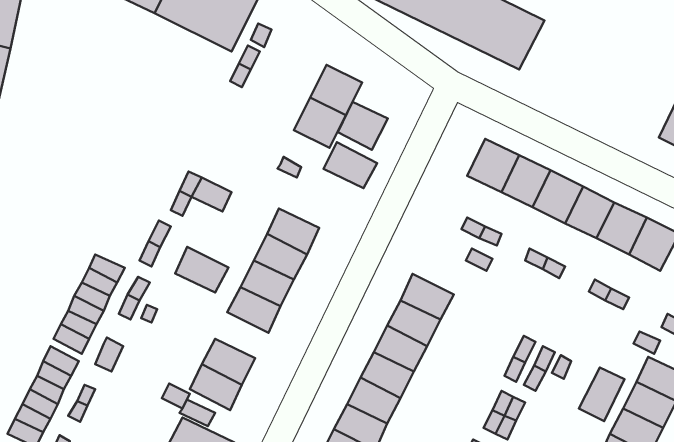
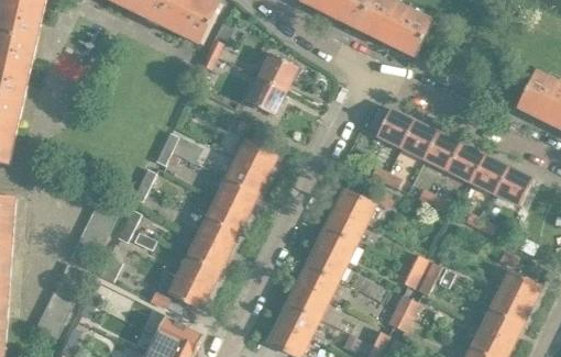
building: [338,102,388,150] -> none
building: [324,142,377,188] -> [235,140,275,174]
building: [175,247,229,293] -> [188,236,228,270]
building: none -> [334,189,374,223]
building: [579,368,624,421] -> none

